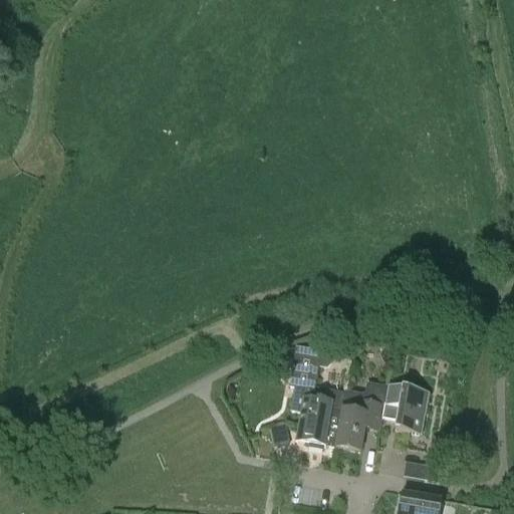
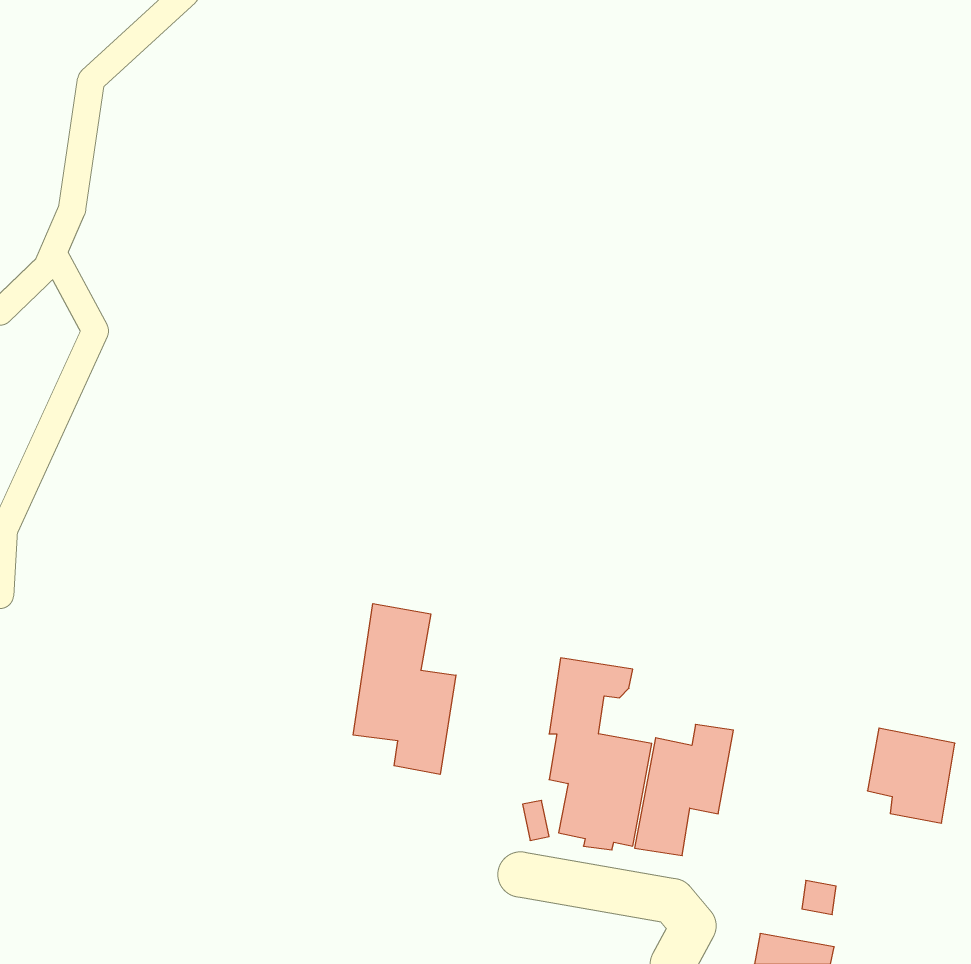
building: none -> [353,604,456,774]
building: [382,384,429,435] -> [867,728,955,823]

